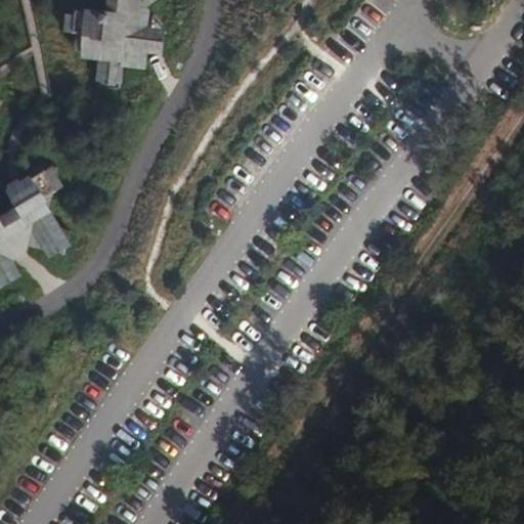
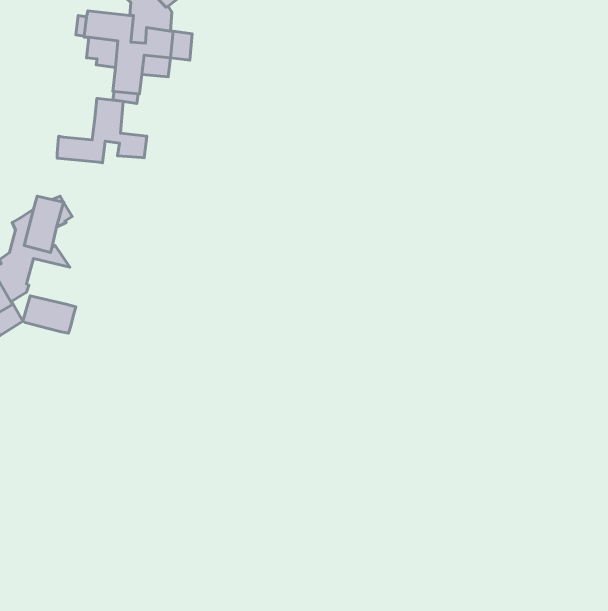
building: none -> [57,98,147,163]
building: [23,220,68,252] -> [23,296,76,333]

